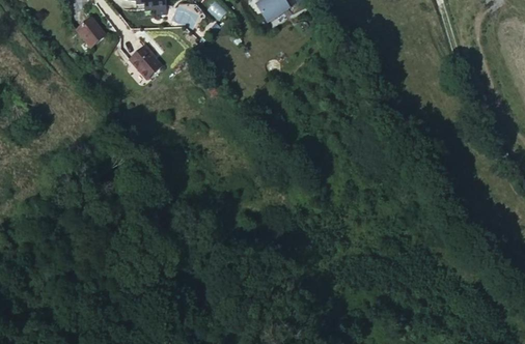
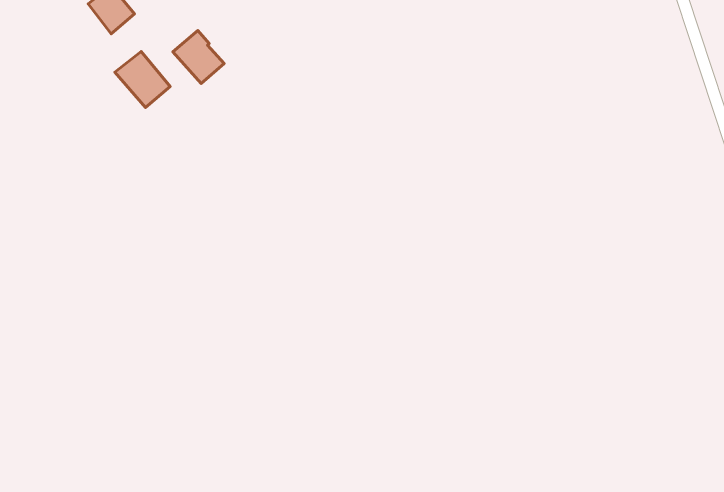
building: none -> [115,51,170,107]

